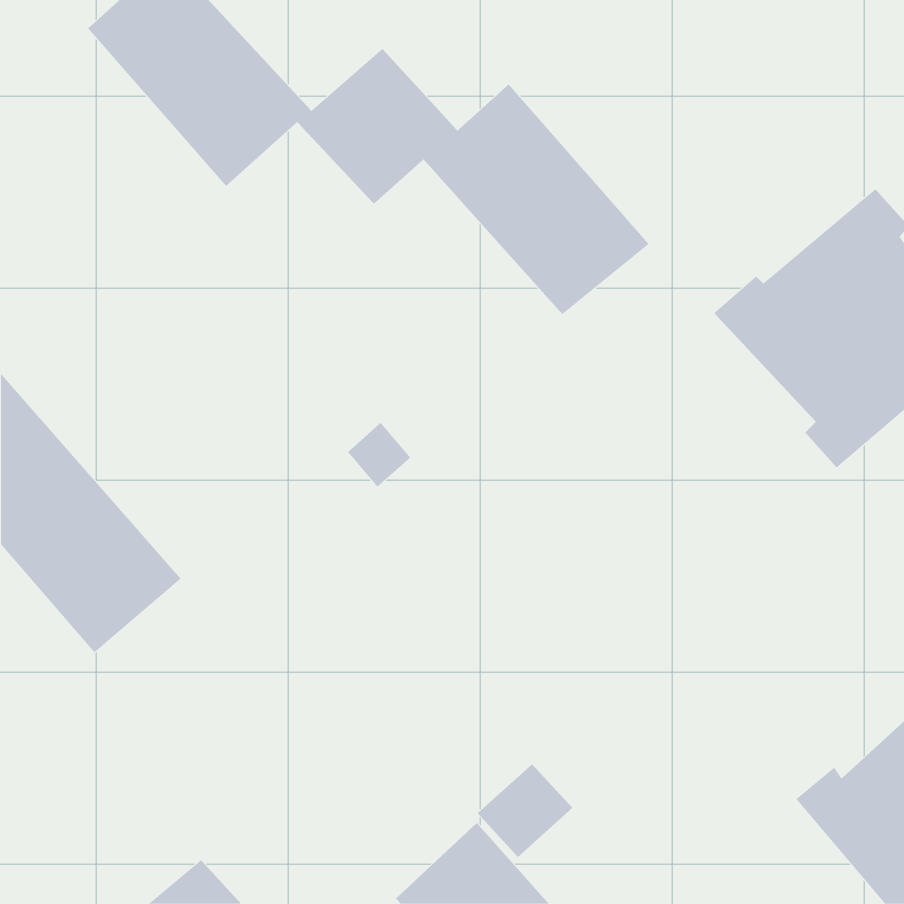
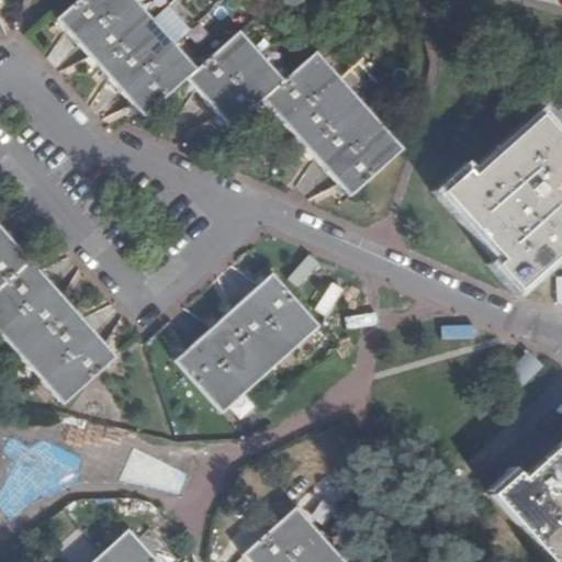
building: none -> [175,272,321,412]

